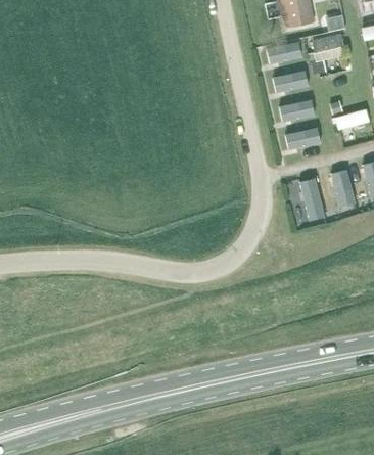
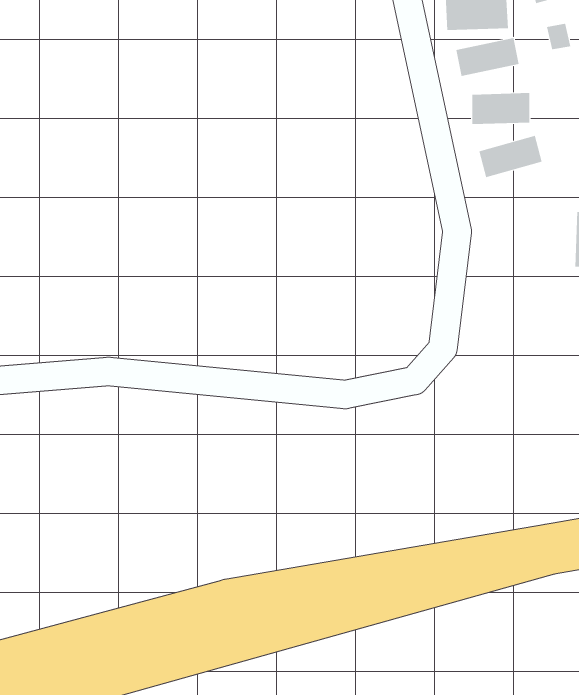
building: [290,179,320,221] -> none

